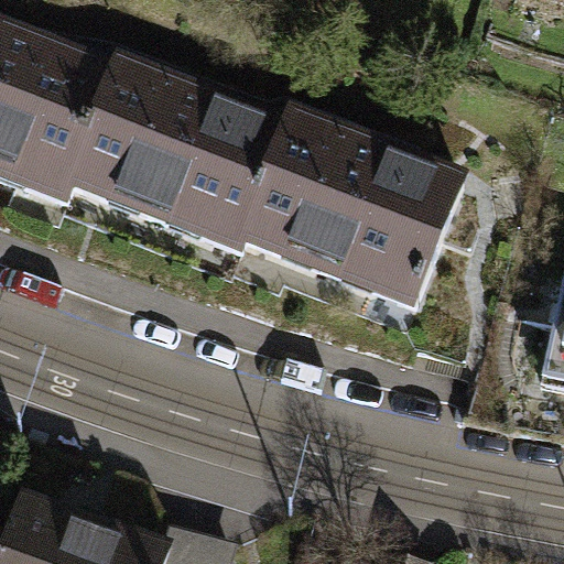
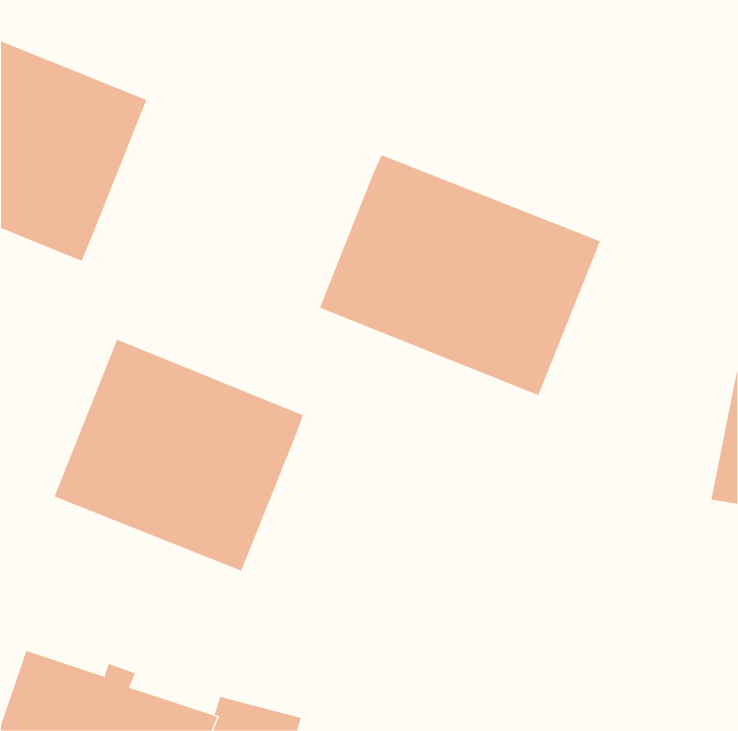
building: [70,66,284,248] -> none
building: none -> [54,339,304,572]

